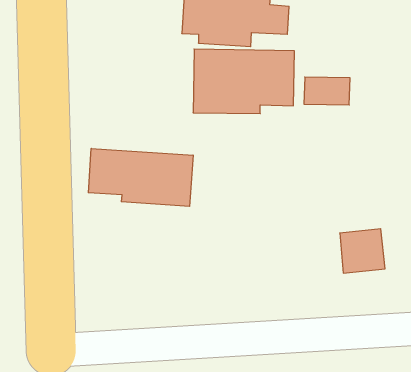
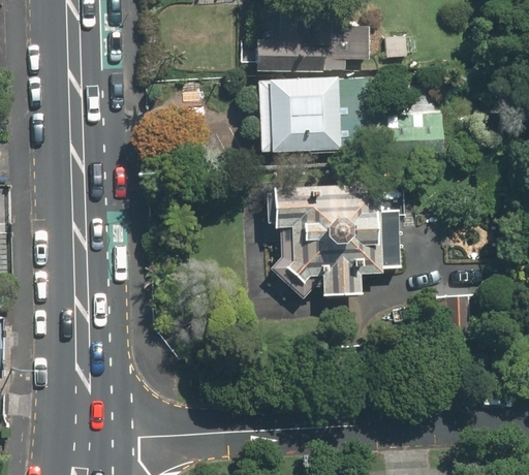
building: none -> [267,188,402,303]
building: [88,148,193,206] -> none

